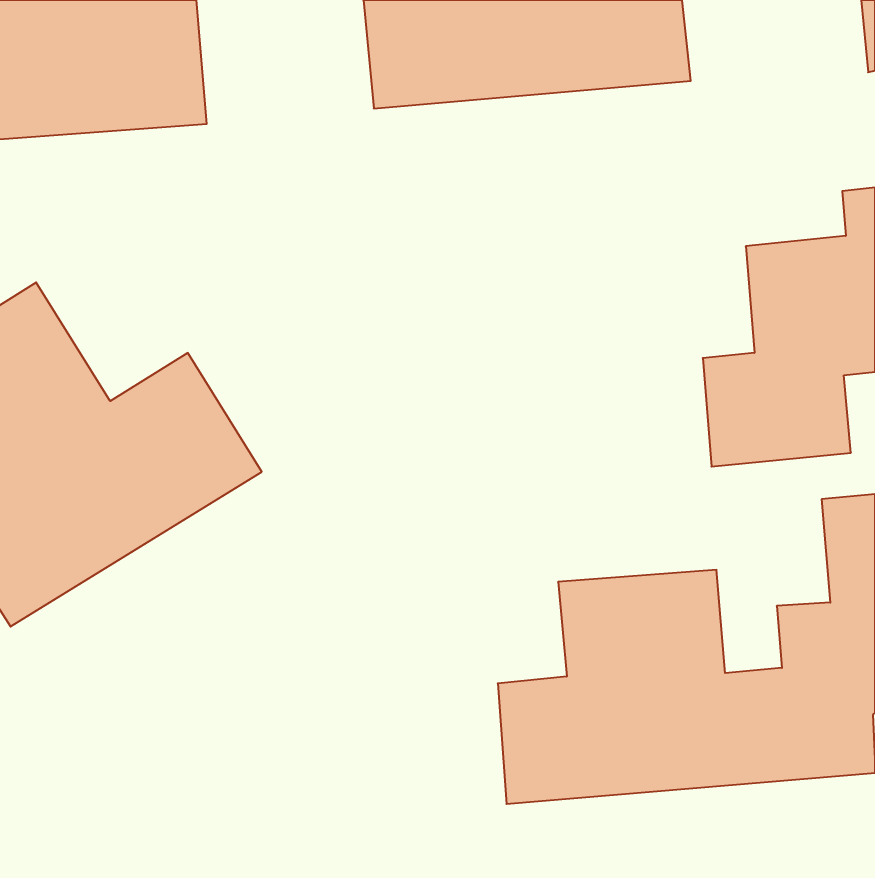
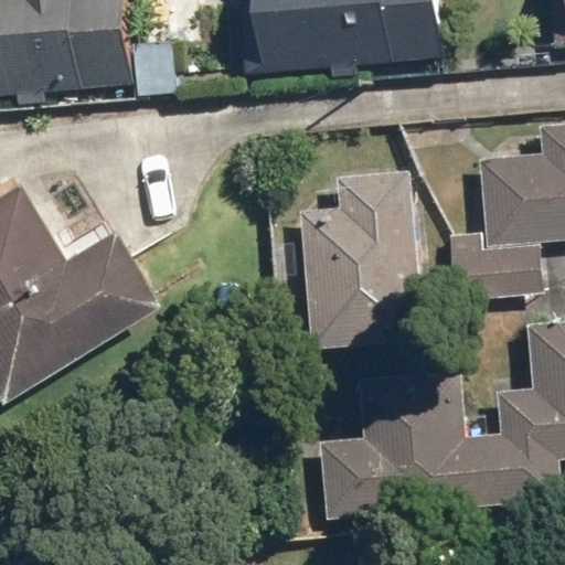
building: none -> [300,168,424,350]

